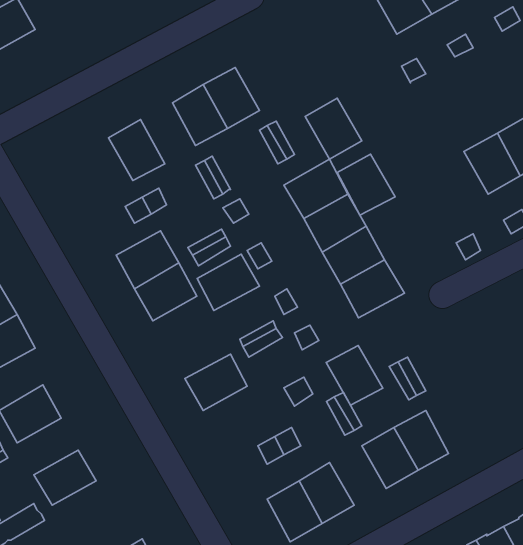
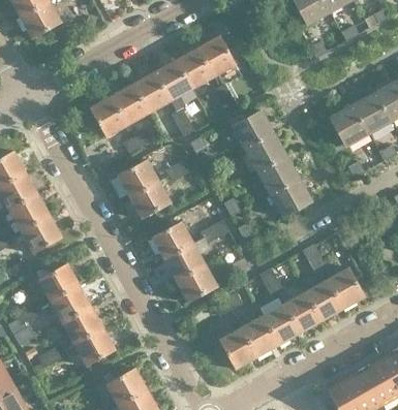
building: [305,98,362,159] -> [197,36,236,77]
building: none -> [133,72,171,114]
building: none -> [90,96,128,138]
building: [337,154,395,215] -> [330,105,369,147]
building: [197,254,260,310] -> [152,221,194,259]
building: [326,346,383,405] -> [262,305,300,345]
building: none -> [176,264,218,304]
building: none -> [327,269,365,310]
building: none -> [50,286,91,324]
building: none -> [73,328,116,368]

